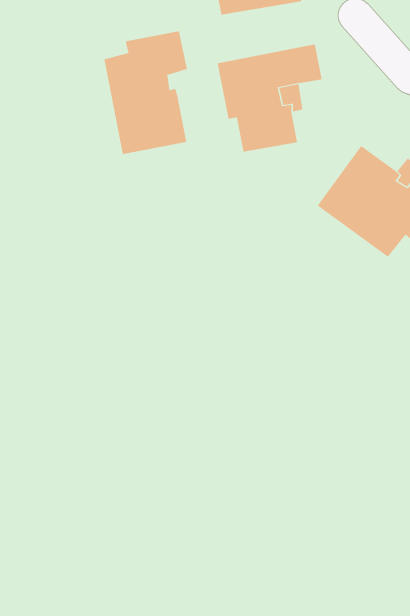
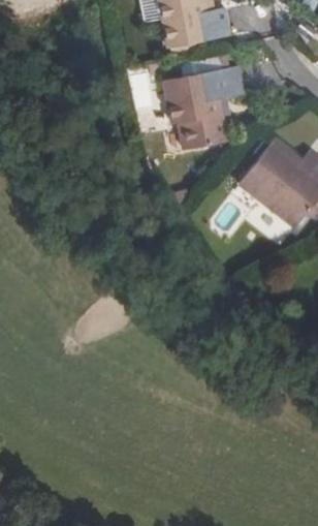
building: [104,30,188,155] -> none

